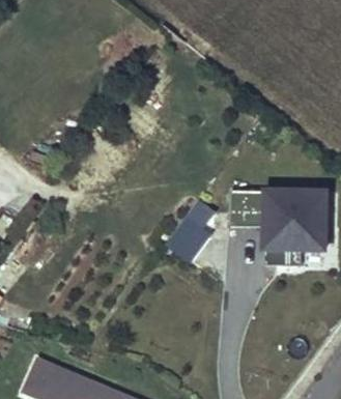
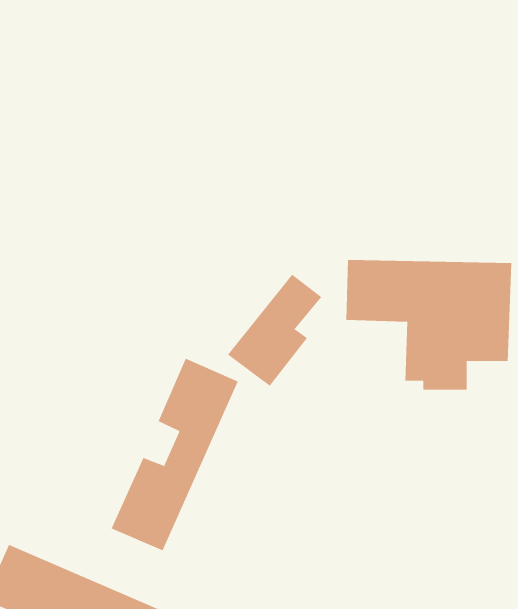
building: none -> [111,358,239,551]

